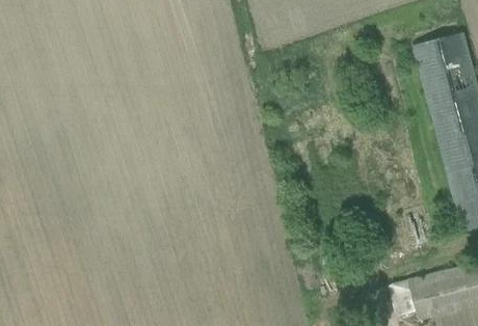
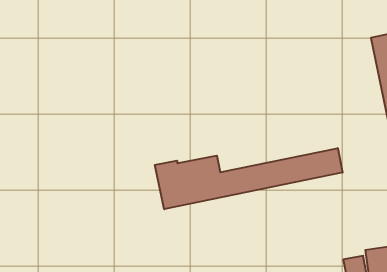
building: none -> [155,148,343,209]

